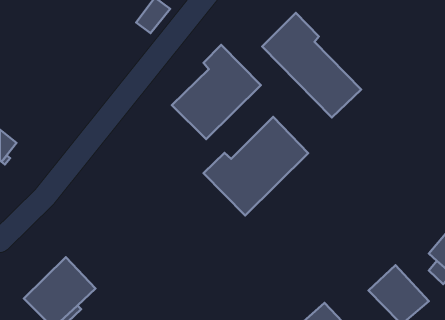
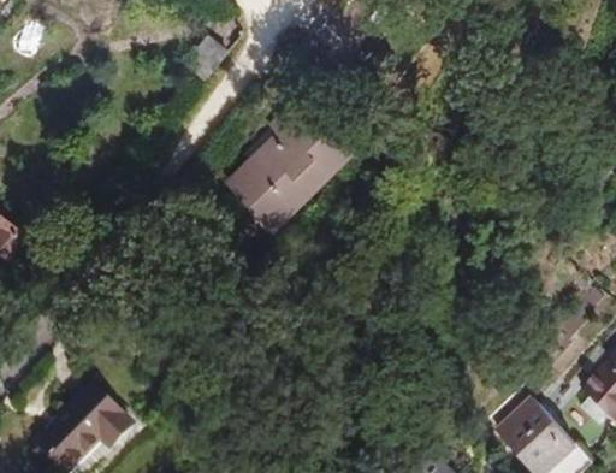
building: [262,13,361,118] -> none
building: [204,117,308,215] -> none

